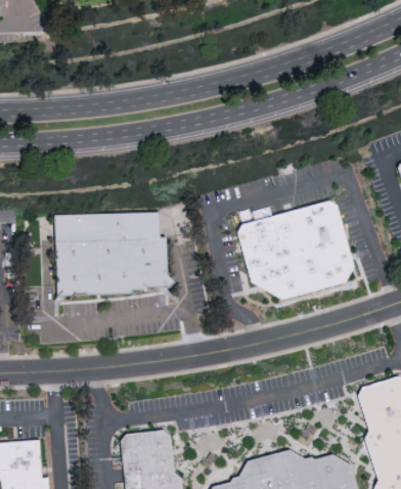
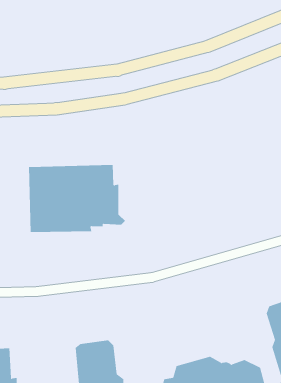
building: [239,202,360,300] -> none

